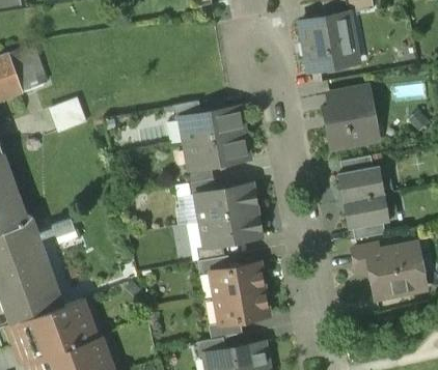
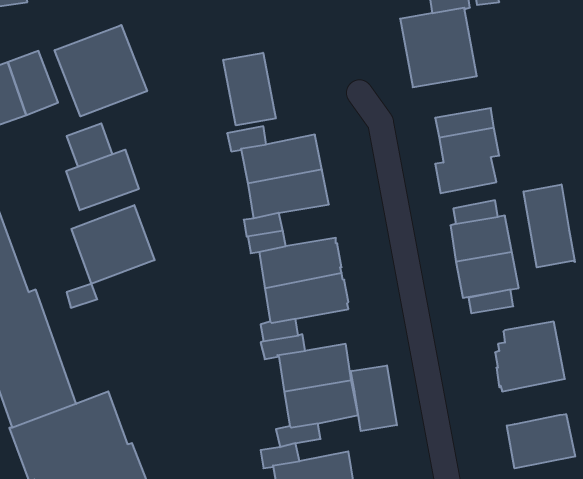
building: none -> [55,25,147,116]
building: none -> [223,53,276,125]
building: none -> [66,150,139,210]
building: none -> [524,184,575,267]
building: none -> [71,205,155,284]
building: [351,244,378,271] -> none
building: none -> [351,365,397,431]
building: none -> [507,414,575,468]

